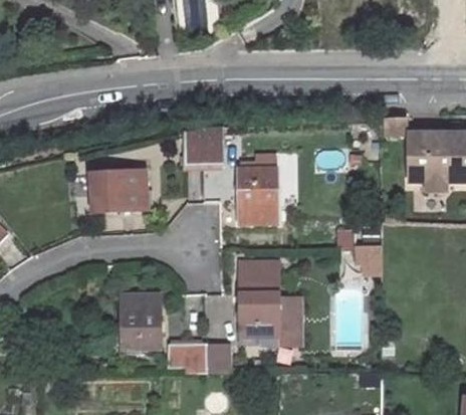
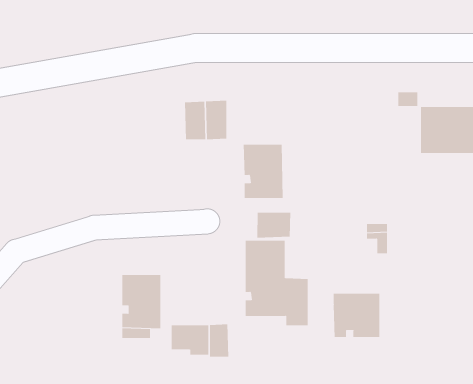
building: [93,171,148,211] -> none
building: none -> [257,212,291,238]
building: none -> [333,293,380,338]

